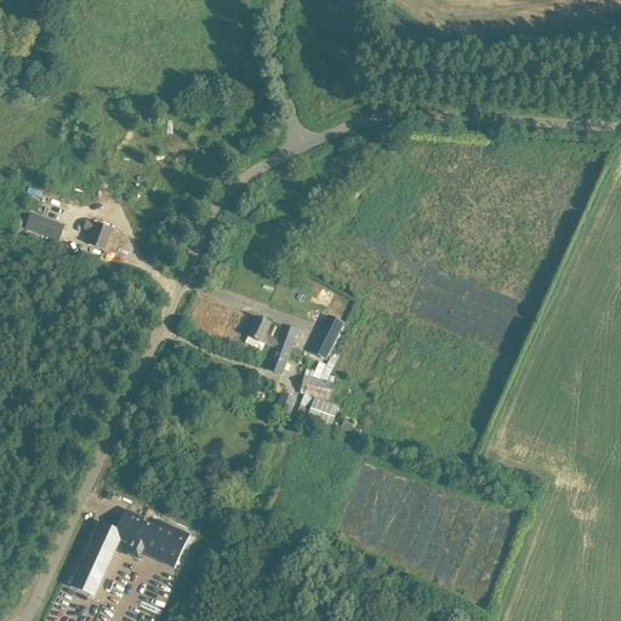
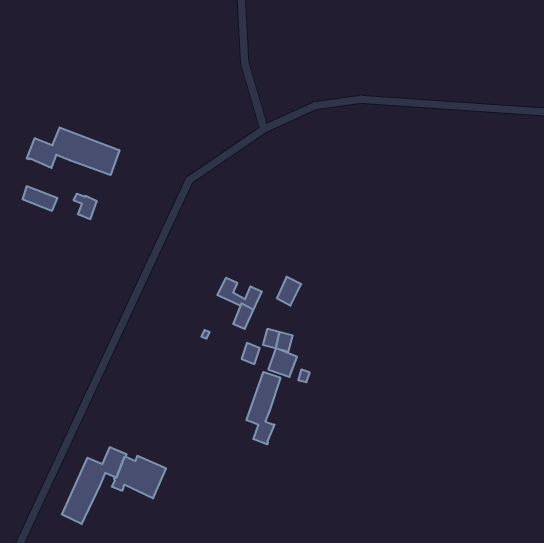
building: none -> [27,127,119,175]
building: none -> [246,372,280,444]

